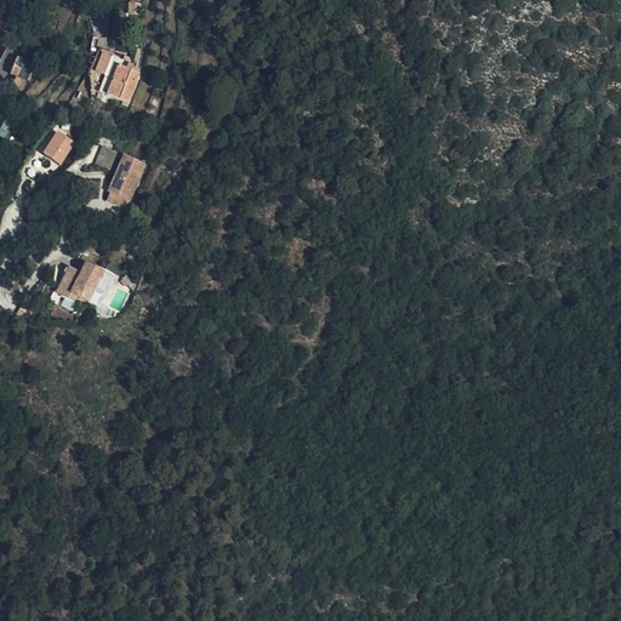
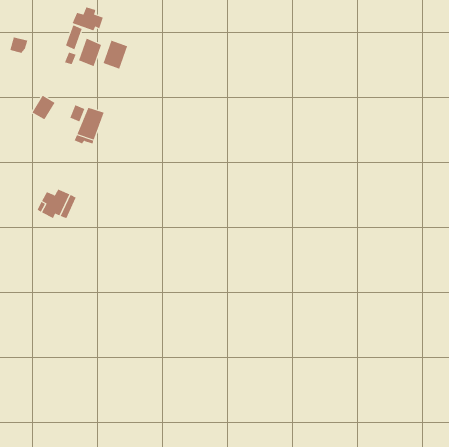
building: none -> [72,6,104,31]
building: none -> [103,40,128,70]

